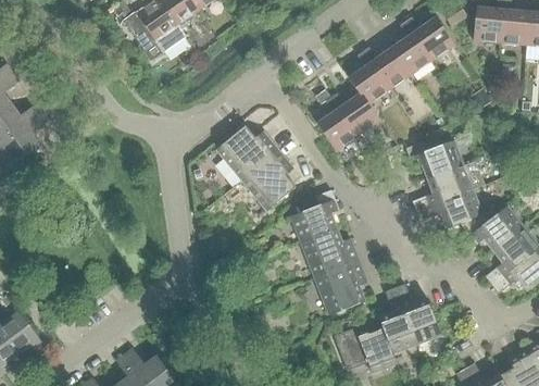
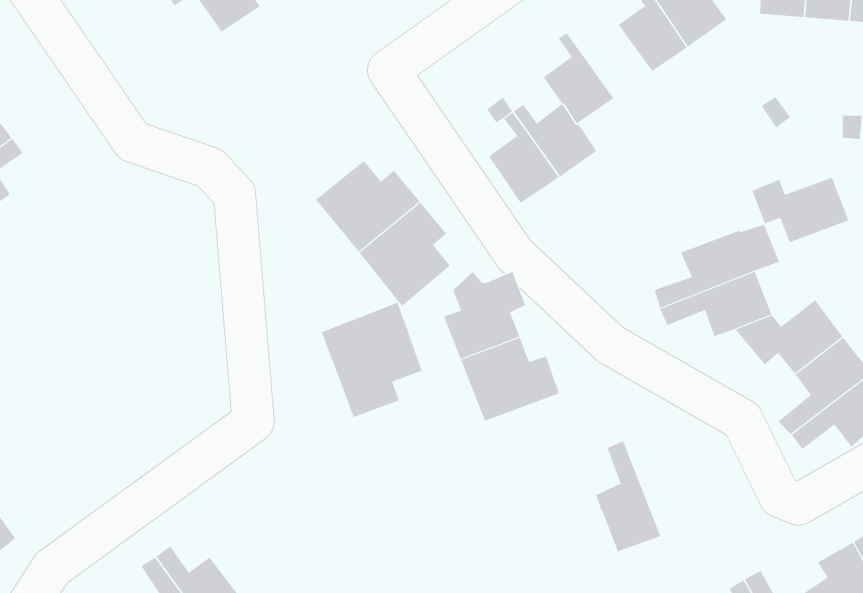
building: [362,48,411,90] -> none
building: [405,141,462,179] -> [751,177,849,243]
building: none -> [321,302,422,418]
building: [314,261,366,315] -> none
building: [394,284,441,344] -> none
building: [334,325,396,372] -> none

